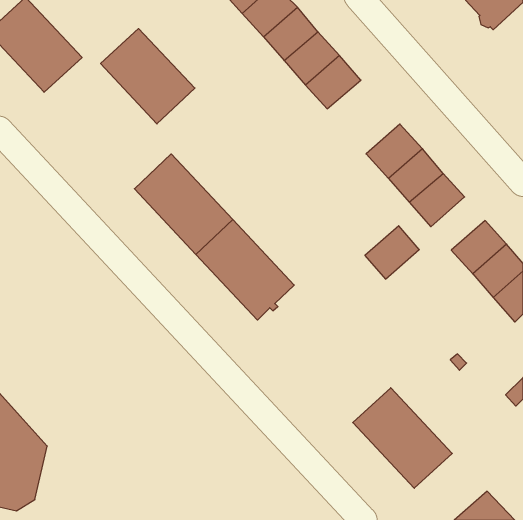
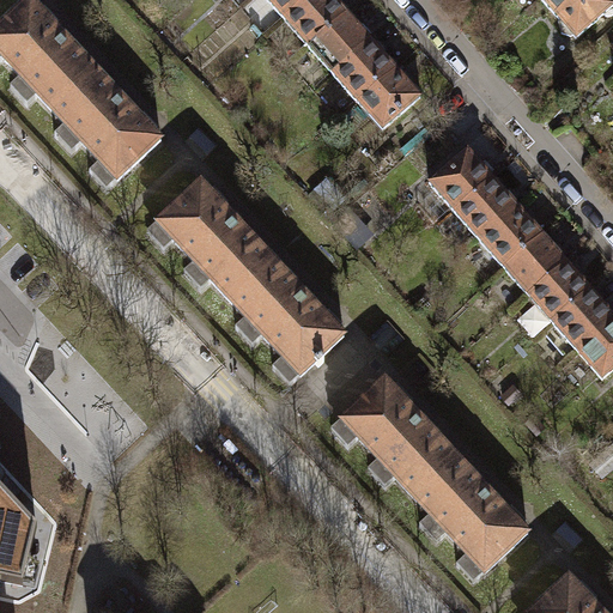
building: [101,29,195,124] -> [51,67,162,178]
building: [365,226,419,279] -> [503,230,566,292]
building: none -> [340,376,456,493]

